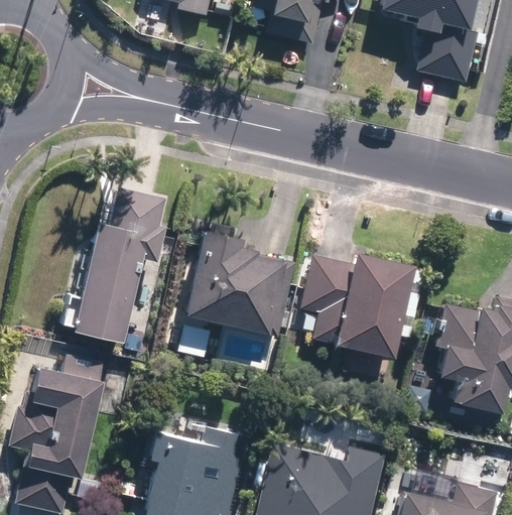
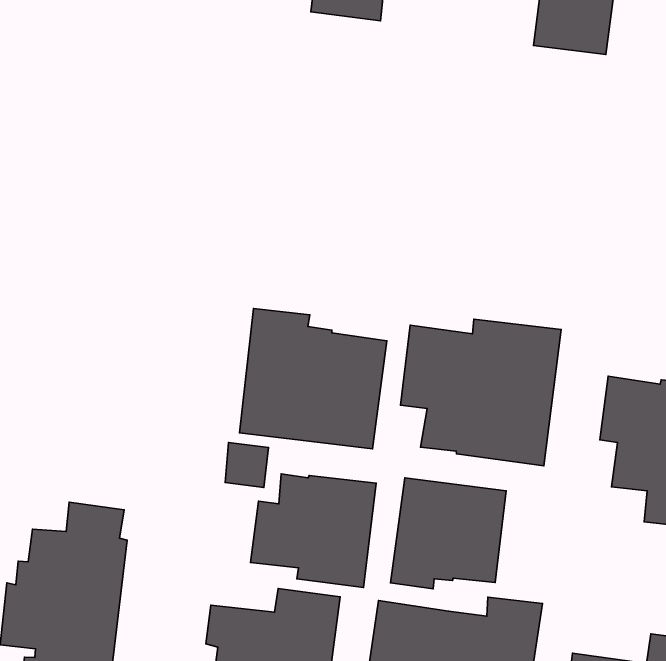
building: [63,188,166,345] -> none
building: none -> [251,474,376,588]
building: none -> [391,478,506,589]

